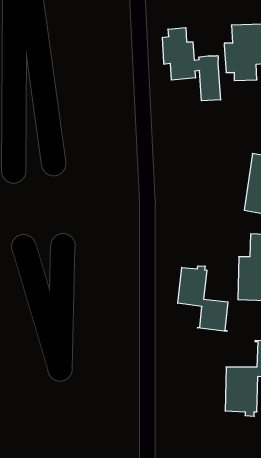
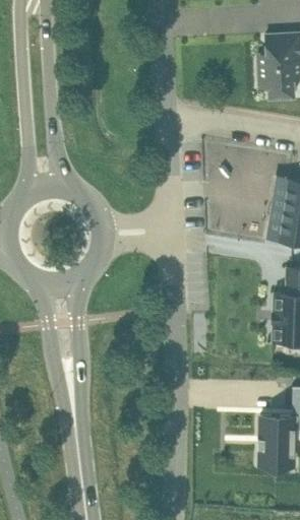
building: [163,28,221,101] -> none
building: [178,266,228,331] -> none

